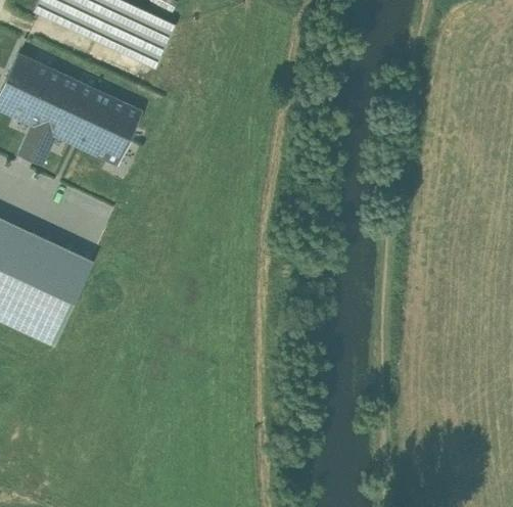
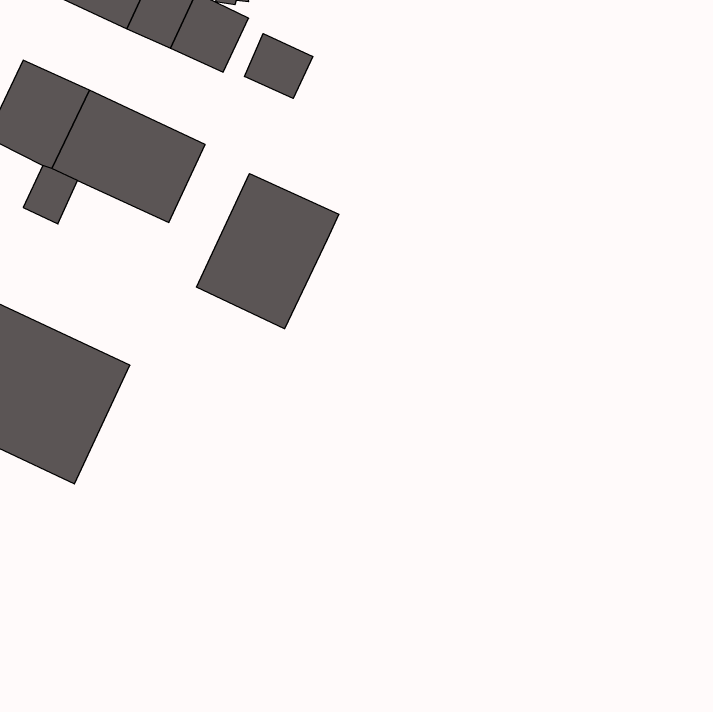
building: none -> [245,34,313,98]
building: none -> [197,174,339,329]

